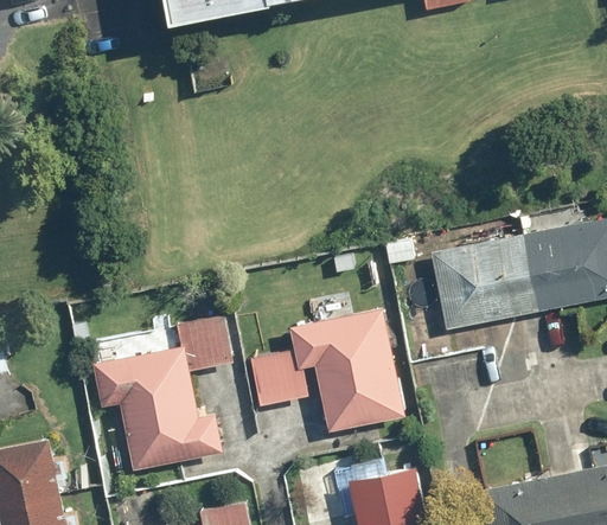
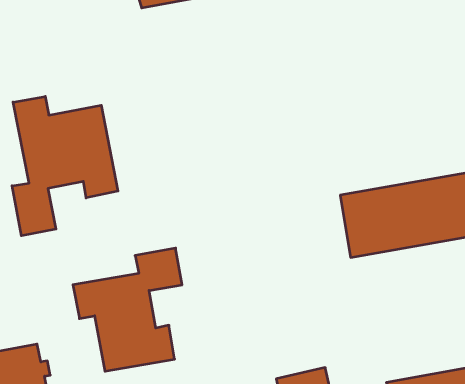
building: none -> [12,96,118,236]
building: [249,308,405,433] -> none

